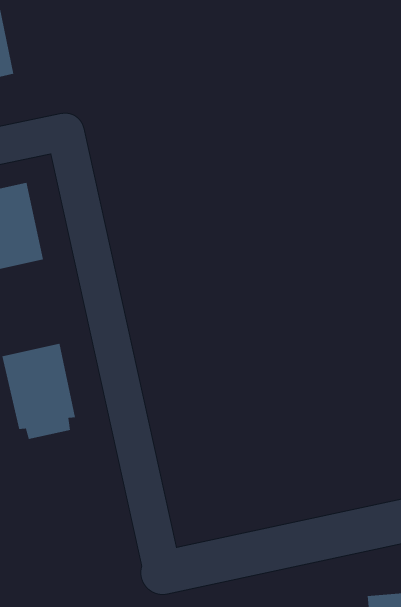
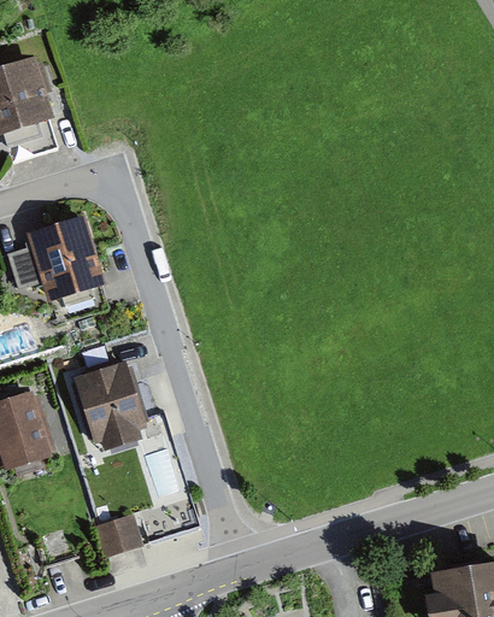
building: none -> [93,515,141,557]

